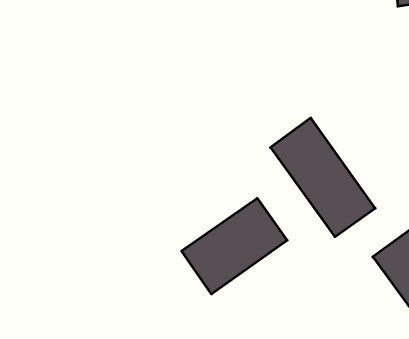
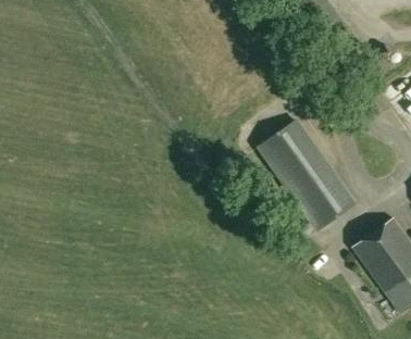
building: [182,198,287,294] -> none

